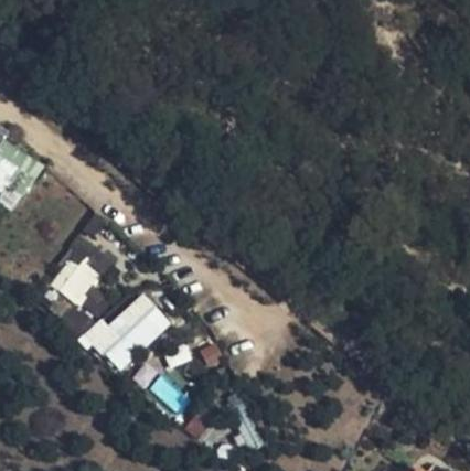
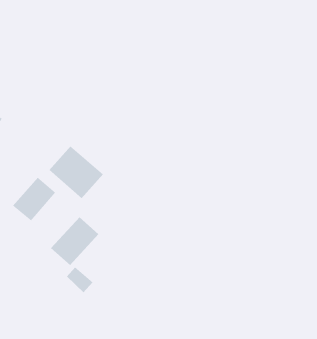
building: none -> [48,146,104,199]

